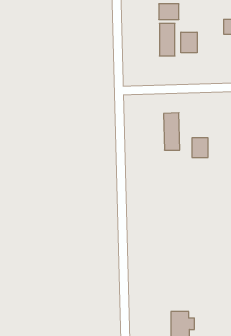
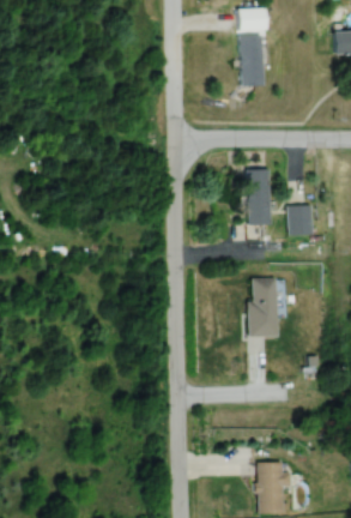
building: [181,32,197,53] -> none
building: none -> [249,278,279,337]

